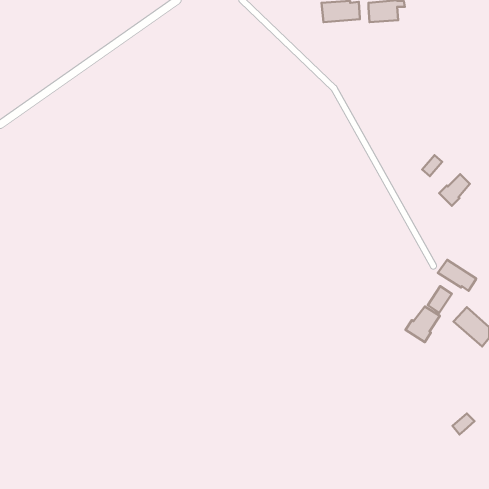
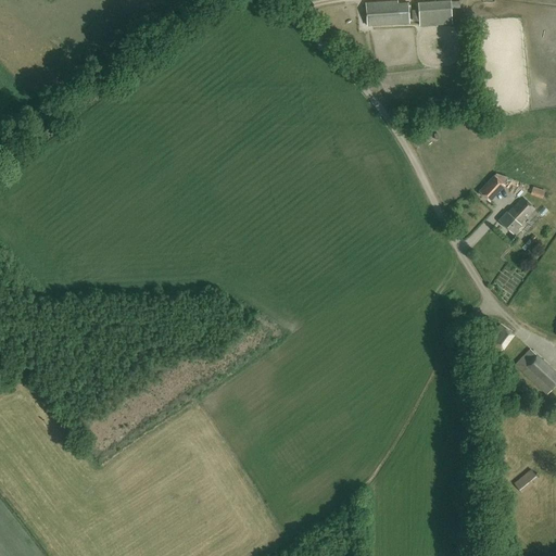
building: [438,260,476,291] -> none
building: [406,306,440,342] -> none

